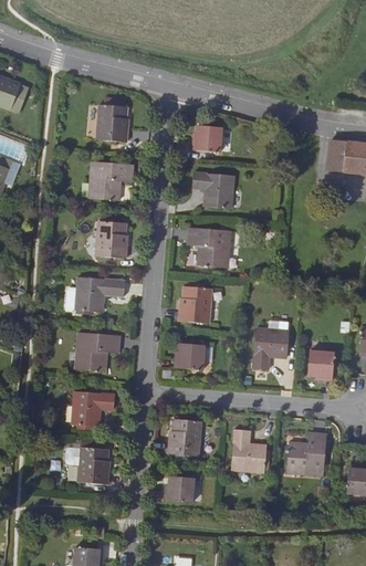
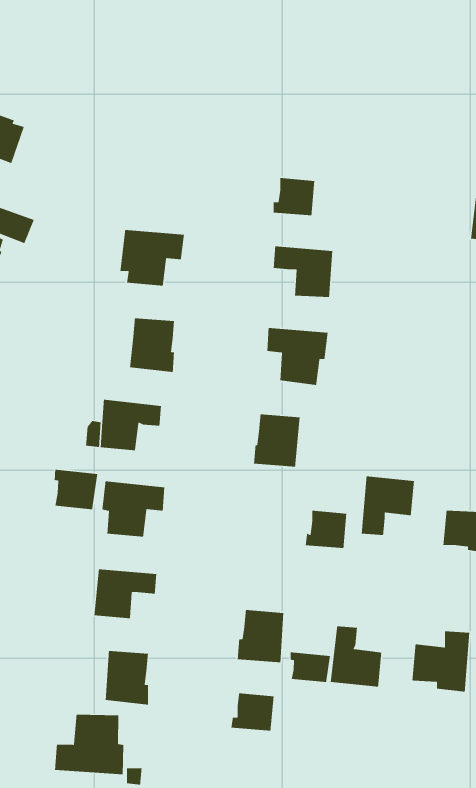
building: [96,103,127,140] -> none
building: none -> [54,469,98,510]
building: [175,342,203,368] -> [305,510,347,549]
building: none -> [290,652,331,683]
building: none -> [54,714,124,775]

